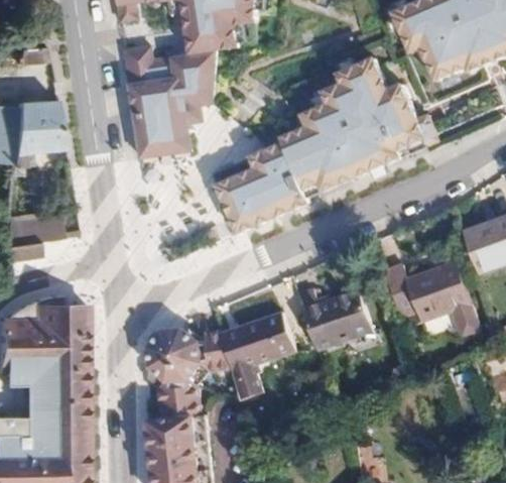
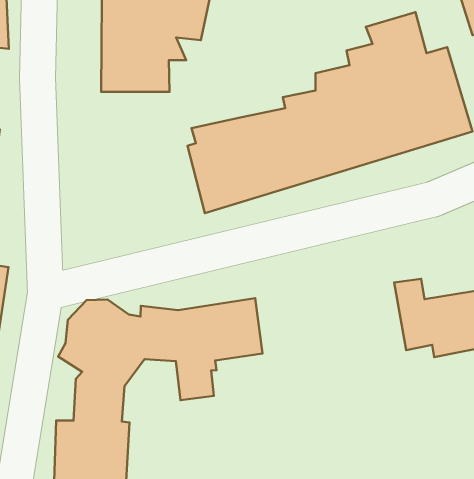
building: [298,284,375,347] -> none

